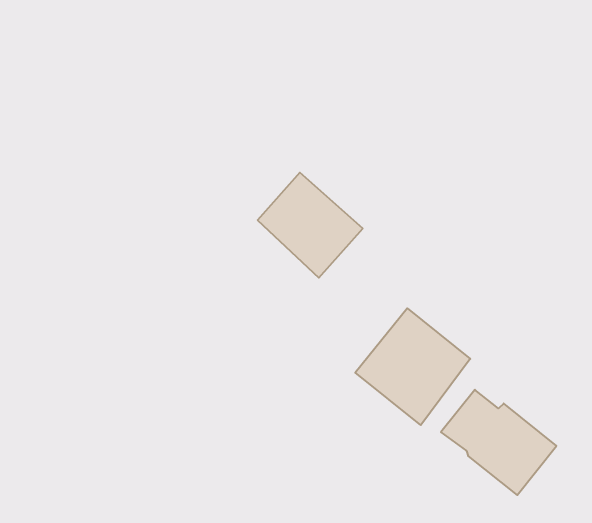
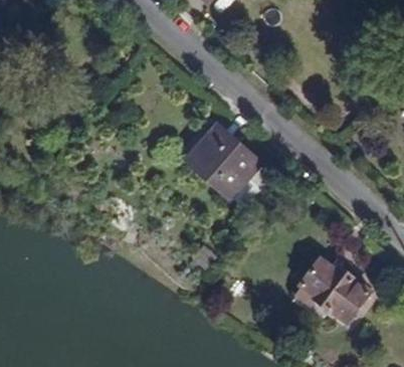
building: [355,308,470,425] -> none

